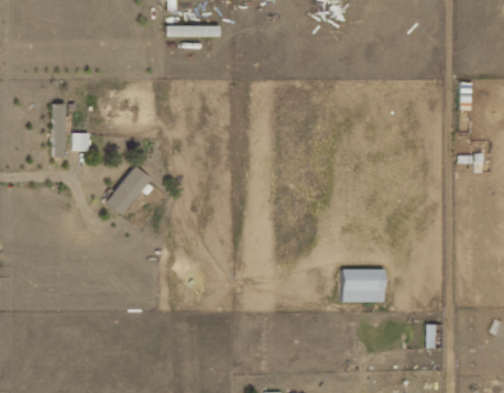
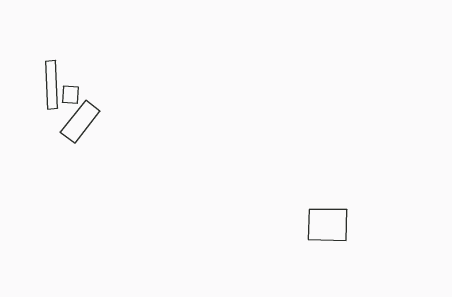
building: [107,166,151,214] -> [60,100,100,143]

